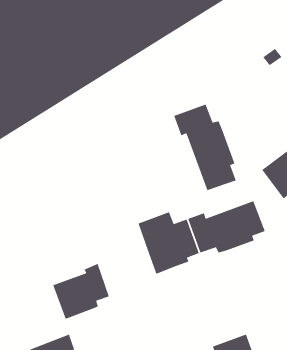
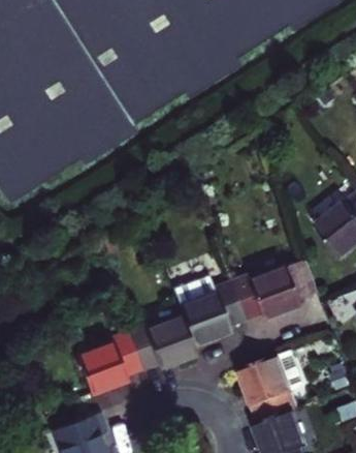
building: [173,103,237,191] -> none
building: none -> [130,316,199,369]
building: none -> [242,349,305,423]

